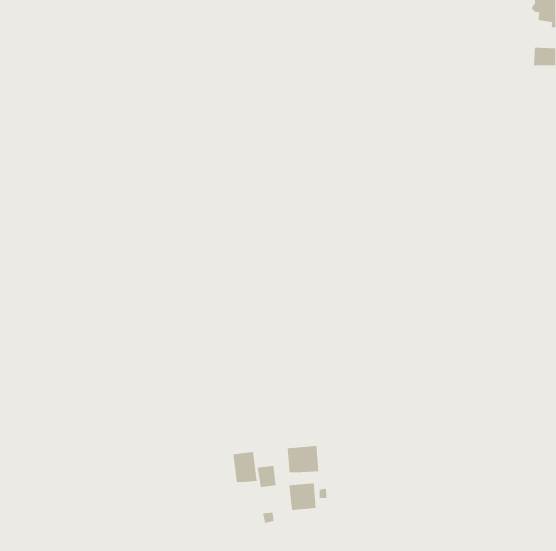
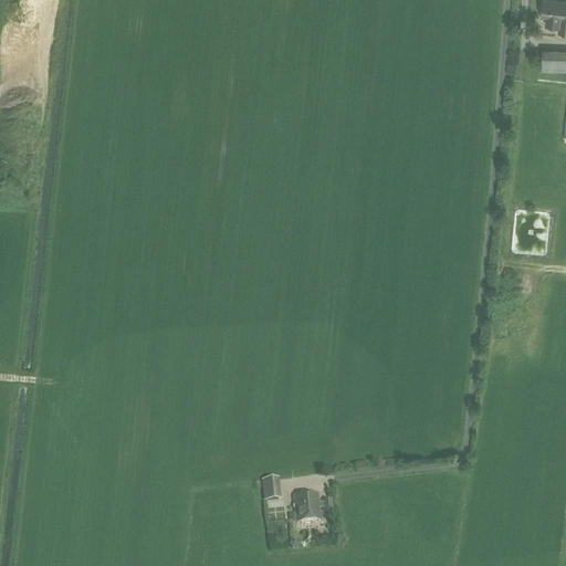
building: [287,445,319,473] -> none
building: [233,451,258,483] -> none

